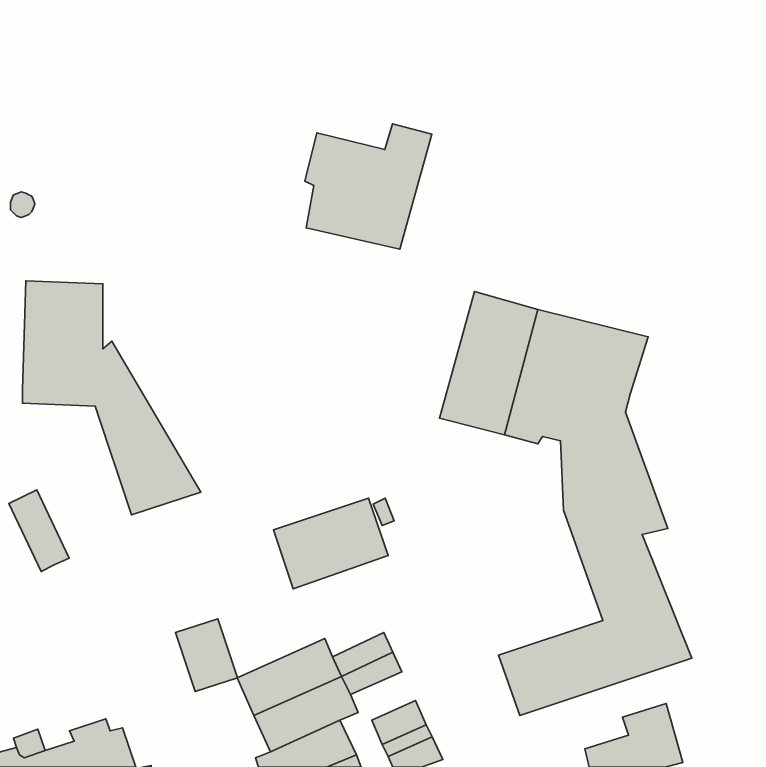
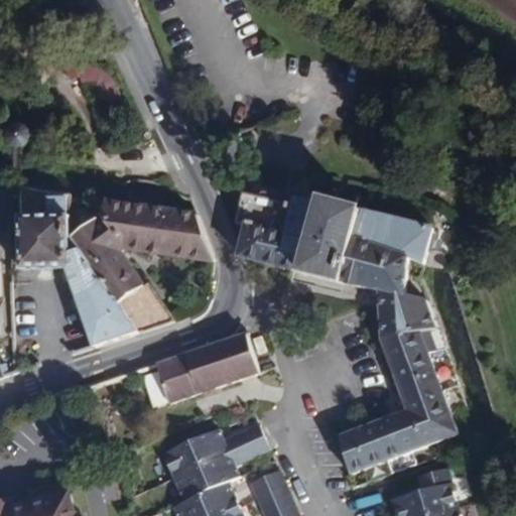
building: [305,124,432,249] -> [232,187,316,271]
building: none -> [75,198,212,329]
building: [9,490,69,572] -> none
building: [176,619,238,691] -> [154,354,196,402]

